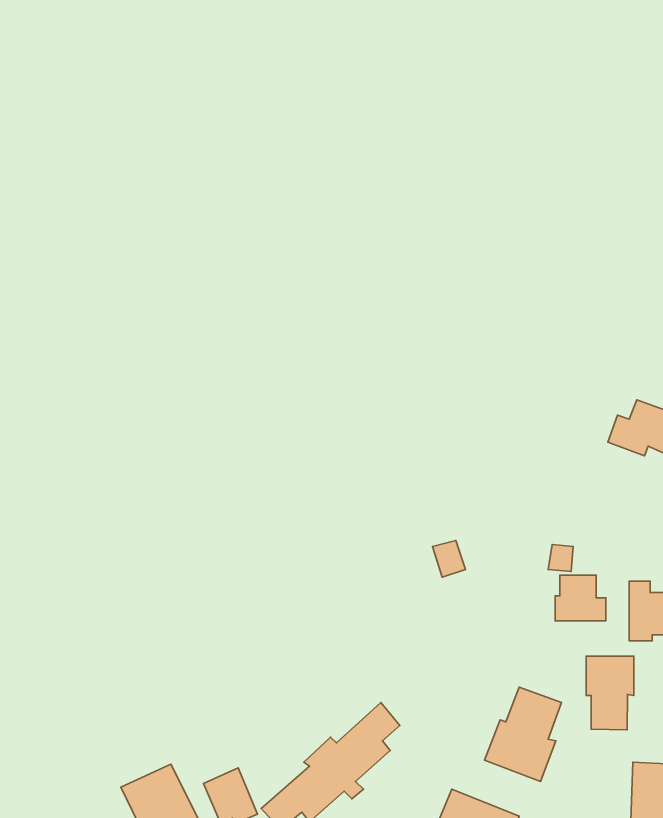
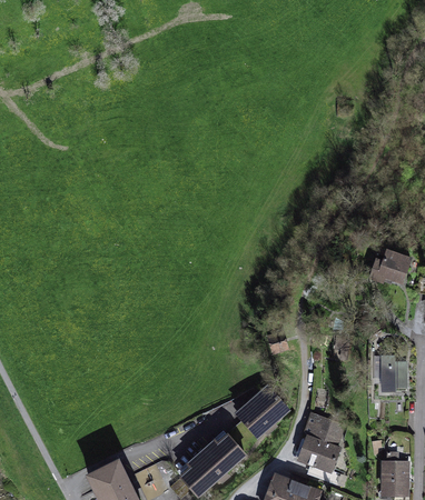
building: [555,575,606,621] -> none
building: none -> [237,387,287,439]
building: [586,656,634,730] -> none

